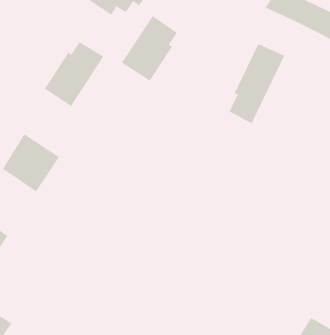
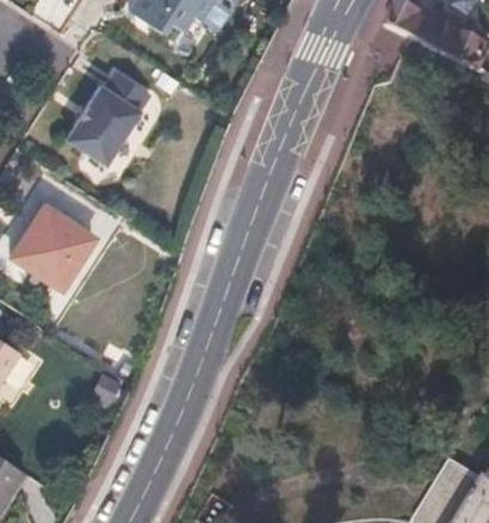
building: [121,15,177,81] -> none
building: [229,43,285,124] -> none

